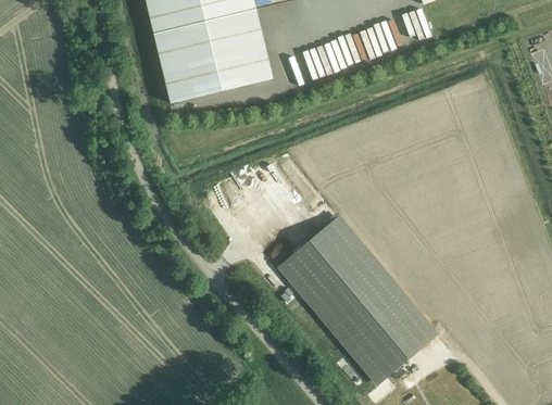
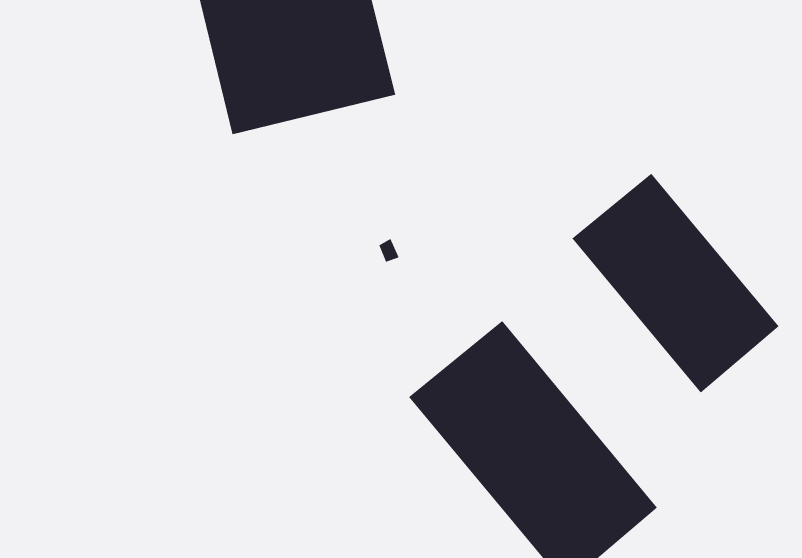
building: none -> [572,173,779,394]

